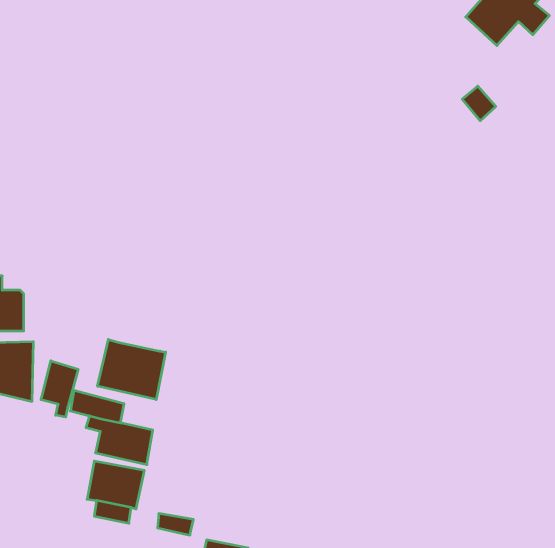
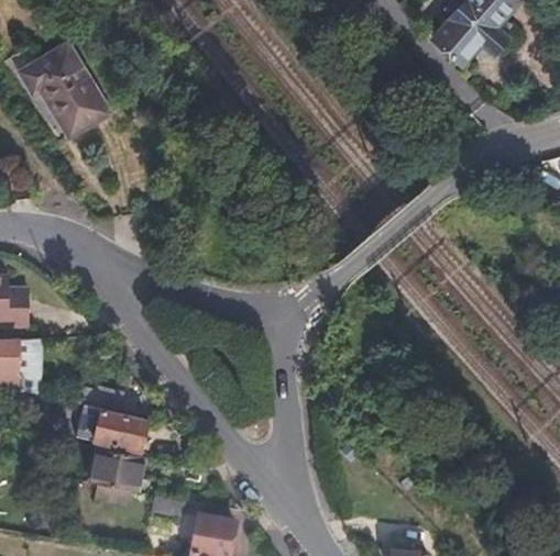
building: none -> [19,43,108,135]
building: [98,339,166,400] -> none
building: [41,361,78,417] -> none

